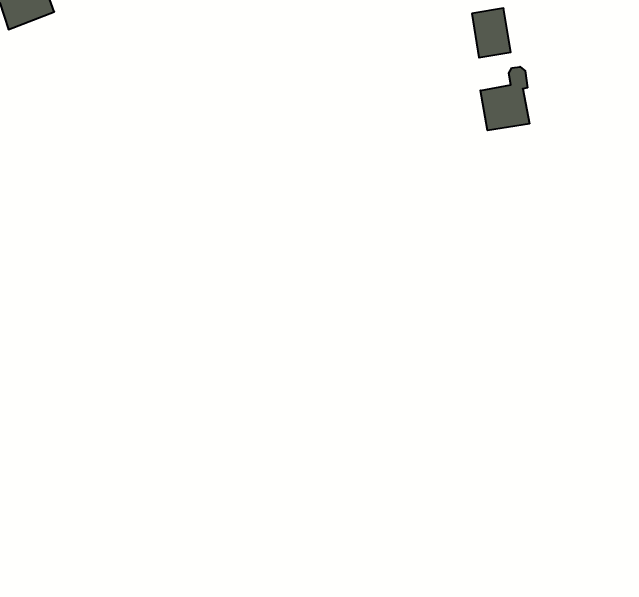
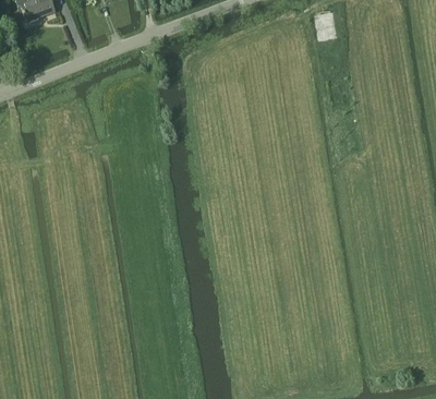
building: [480,67,529,130] -> none

